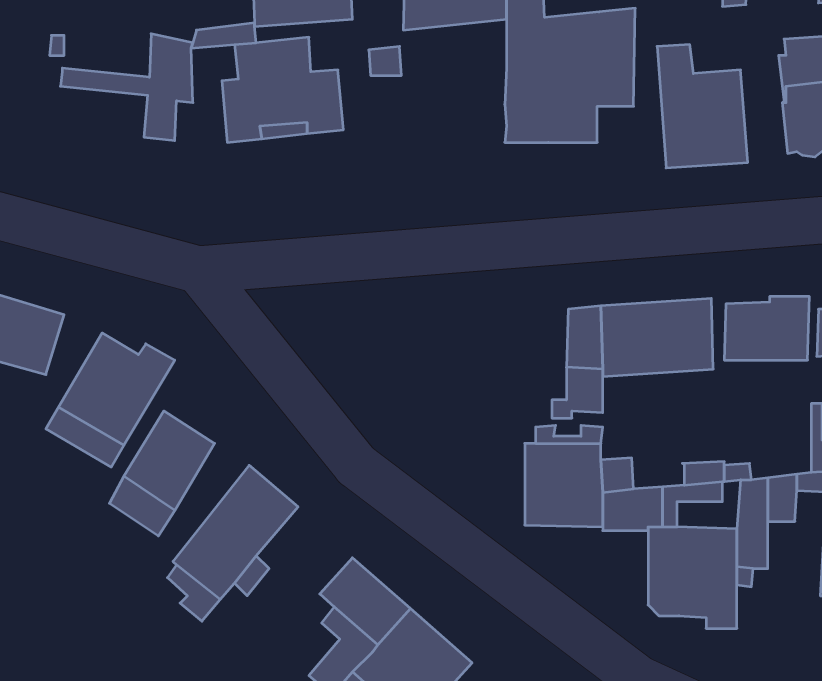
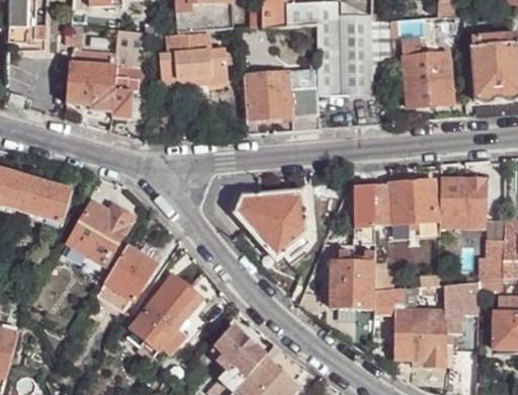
building: none -> [68,62,135,118]
building: none -> [244,71,319,129]
building: none -> [236,190,309,260]

